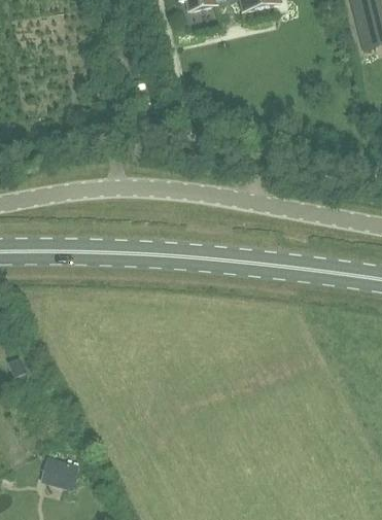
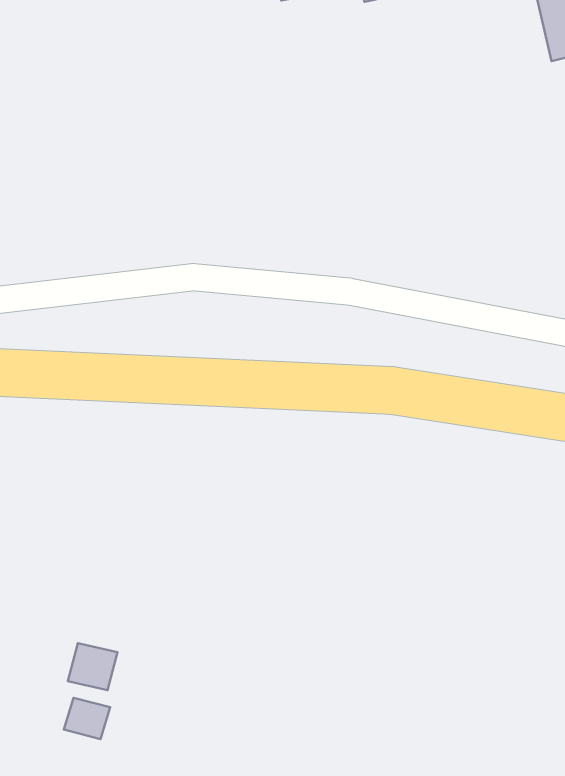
building: none -> [68,643,118,690]

